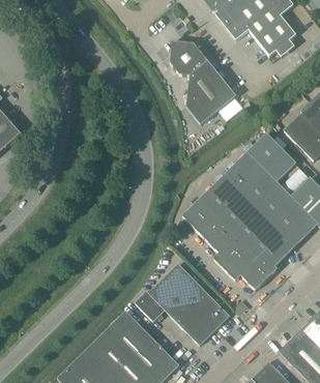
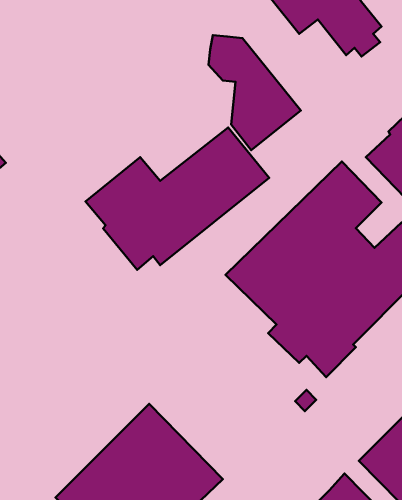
building: none -> [86,127,269,270]
building: [134,263,229,345] -> none

